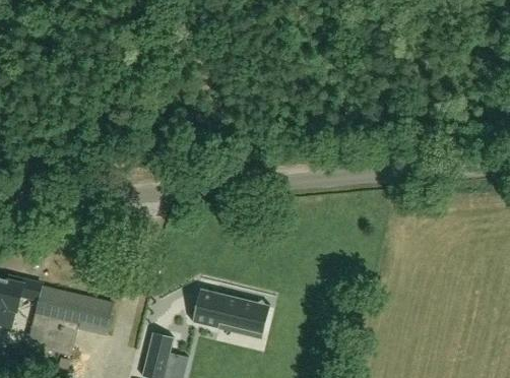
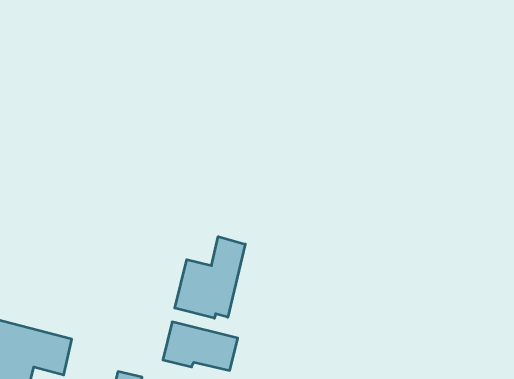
building: none -> [175,237,245,318]

